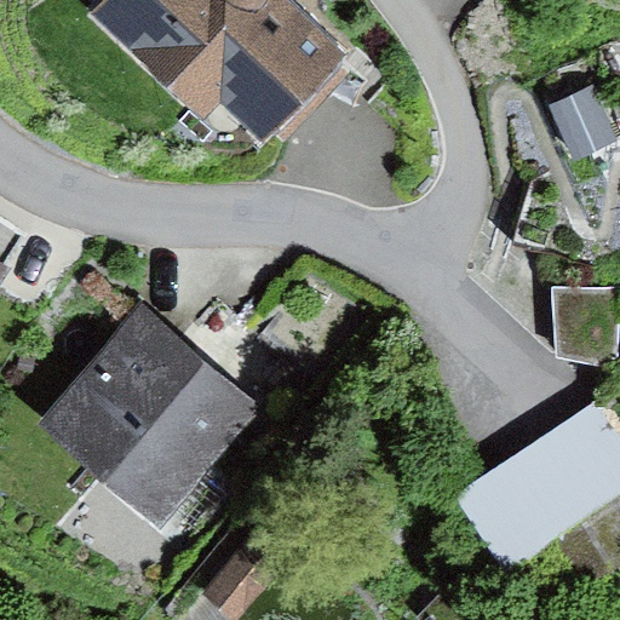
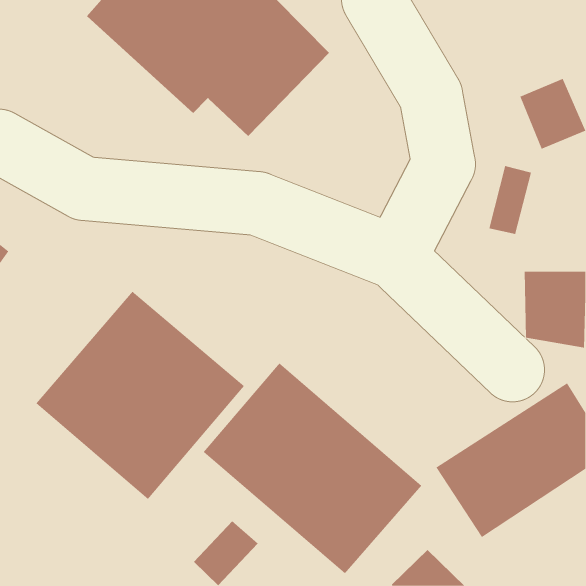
building: none -> [203,362,422,574]

